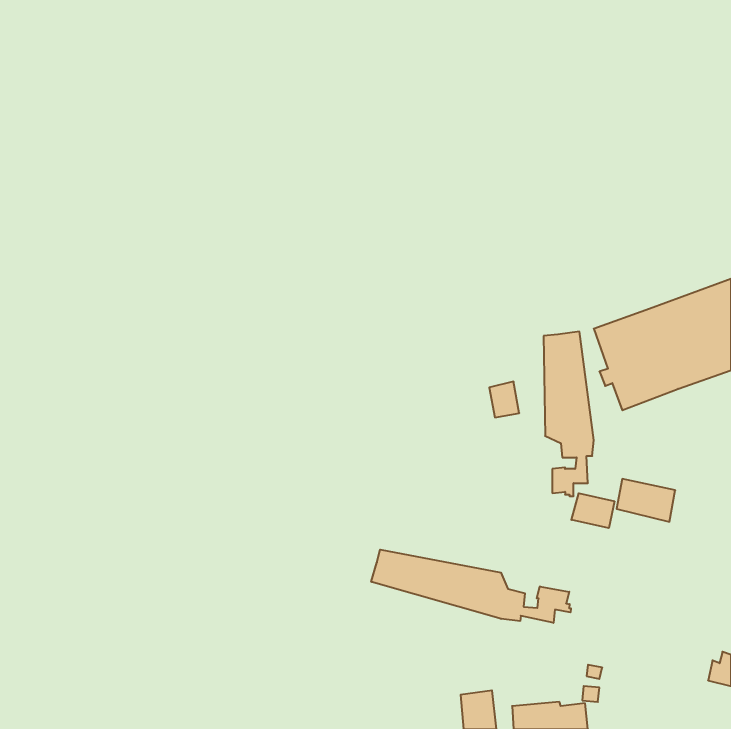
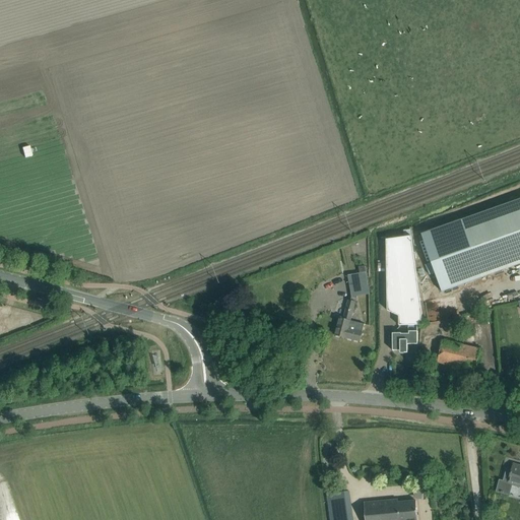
building: none -> [334,299,364,341]
building: [571,493,614,528] -> none
building: [371,550,571,623] -> none

